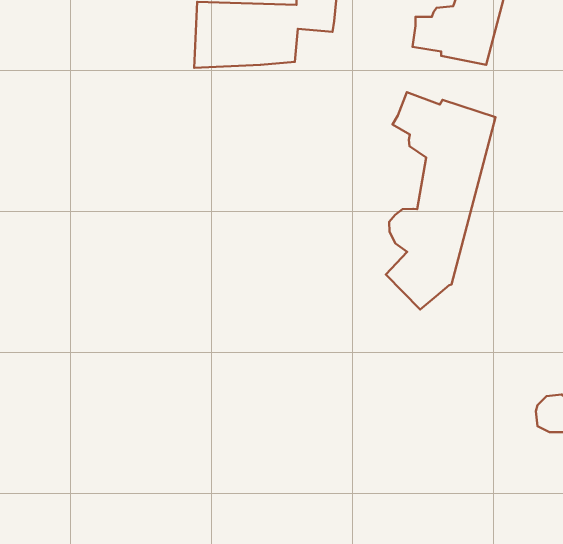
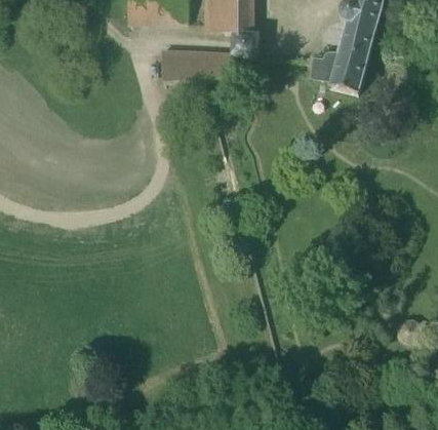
building: [386,92,496,310] -> none

